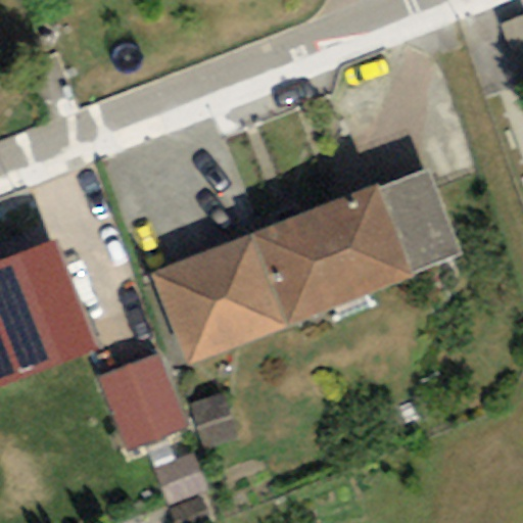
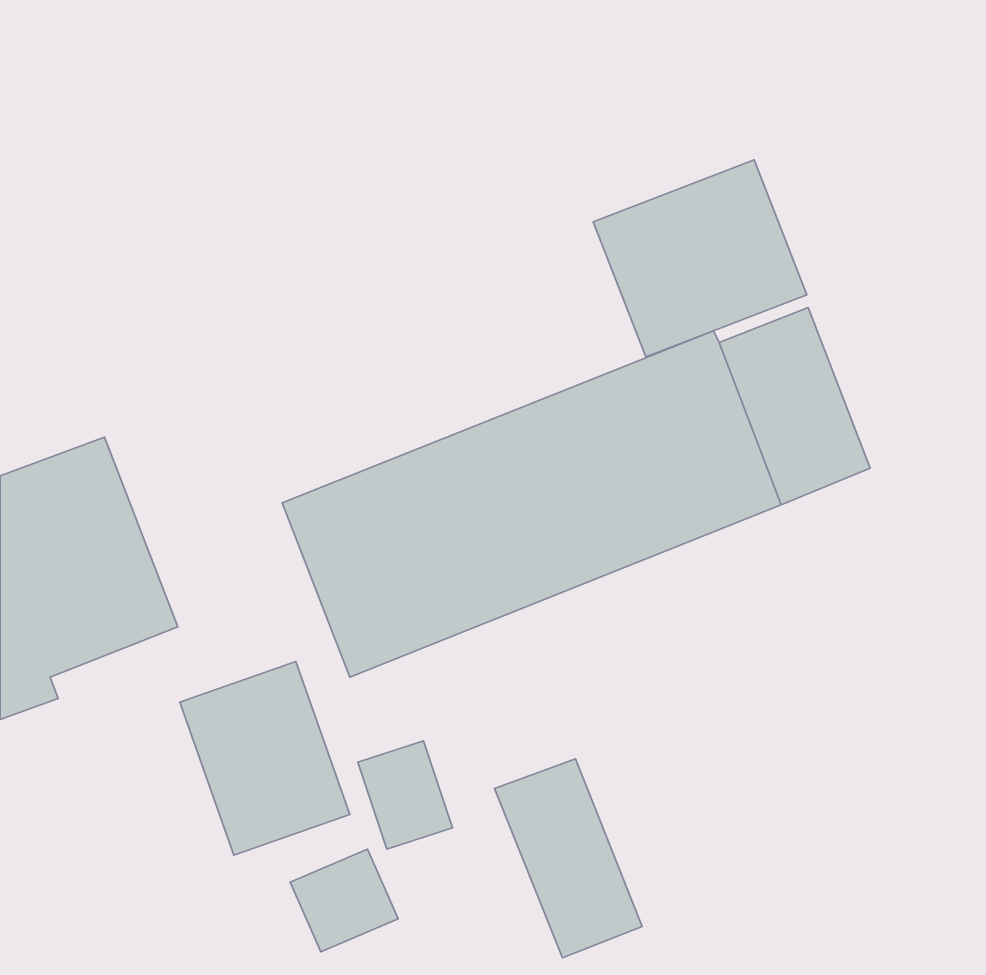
building: none -> [593,160,807,357]
building: none -> [494,759,642,958]

